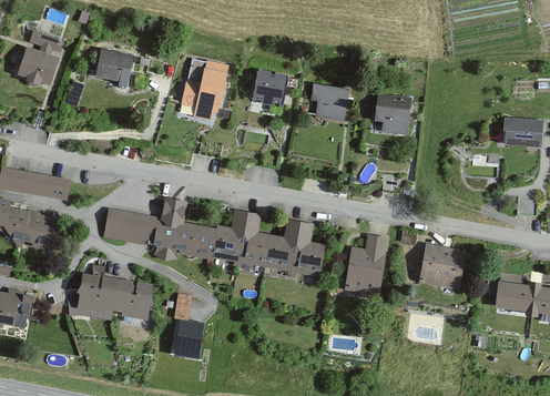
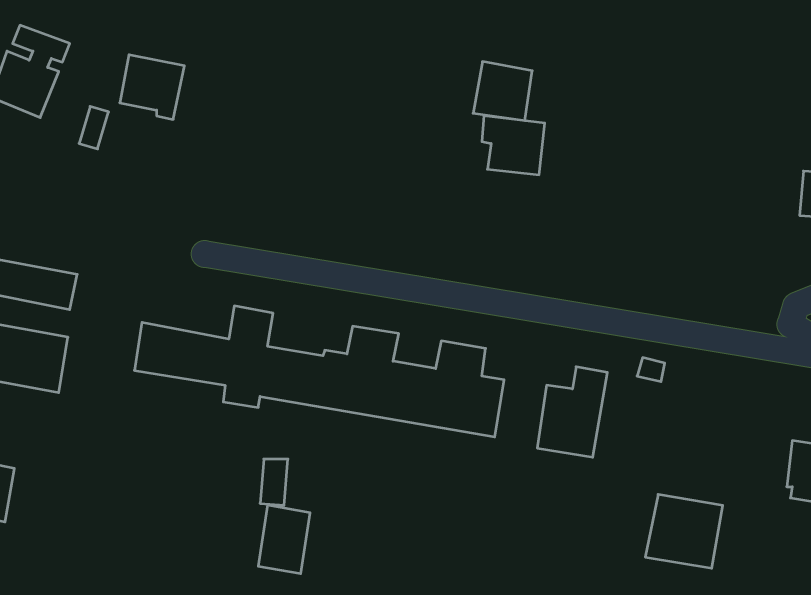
building: [182,61,230,121] -> none
building: [249,70,285,105] -> [473,62,532,121]
building: [374,92,411,134] -> none
building: [418,244,465,288] -> [645,494,723,568]
building: [74,264,150,317] -> none

